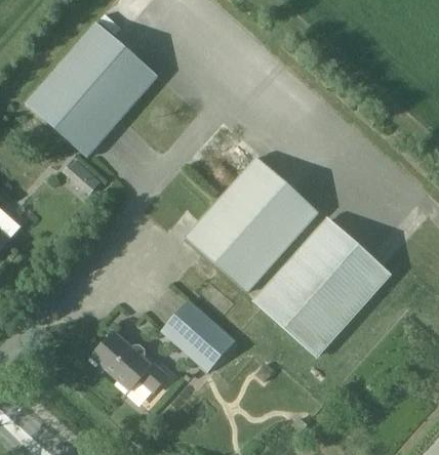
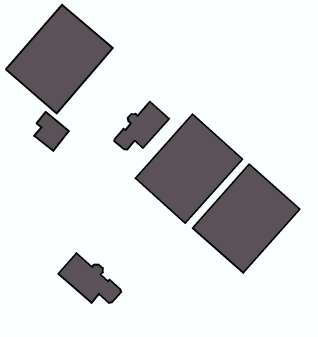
building: none -> [114,102,169,150]
building: [161,300,234,365] -> none

